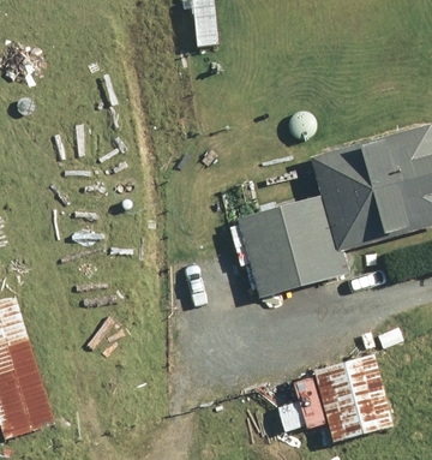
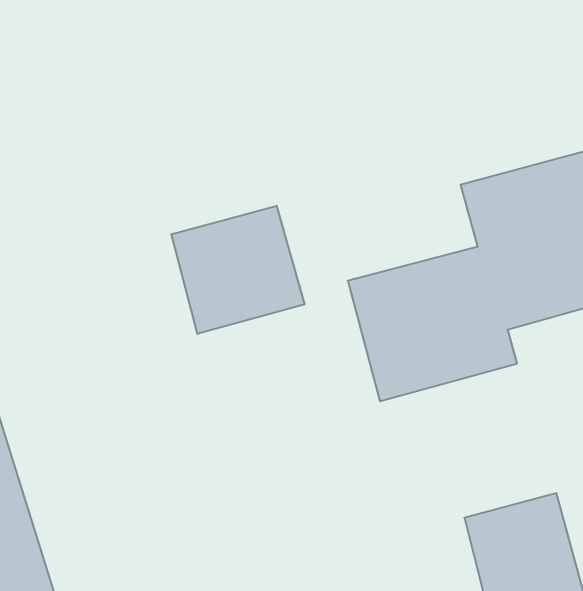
building: none -> [171,206,304,334]

